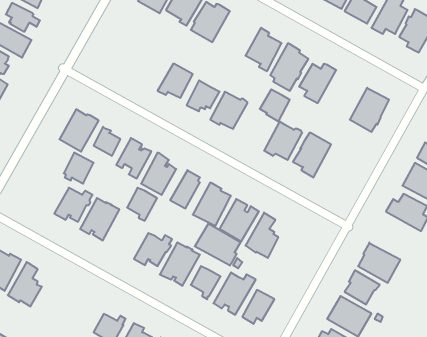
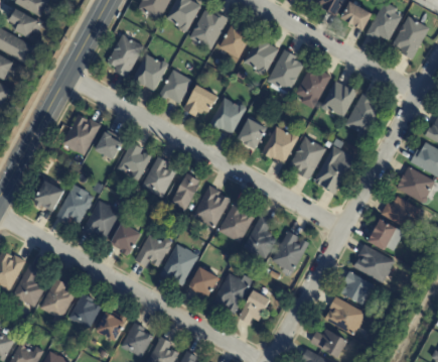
building: none -> [220,21,251,58]
building: none -> [107,34,143,77]
building: none -> [131,54,168,91]
building: none -> [320,81,357,118]
building: [260,89,290,121] -> [236,119,265,150]
building: none -> [313,146,354,194]
building: [64,153,94,184] -> [34,180,63,211]
building: [127,188,157,221] -> [112,223,141,255]
building: none -> [367,219,408,253]
building: [195,223,241,266] -> none
building: none -> [272,231,308,272]
building: none -> [38,278,77,321]
building: none -> [67,292,101,329]

